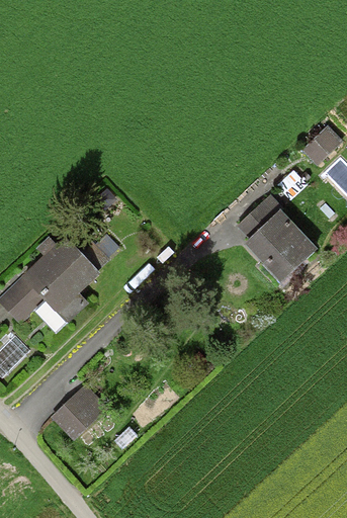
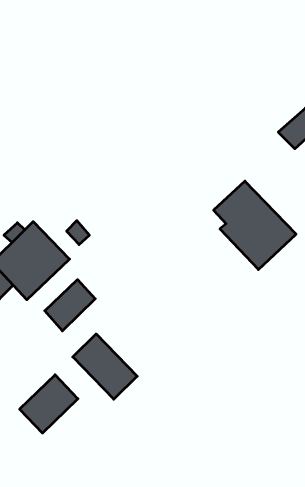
building: none -> [45,280,95,331]
building: none -> [73,334,137,399]

